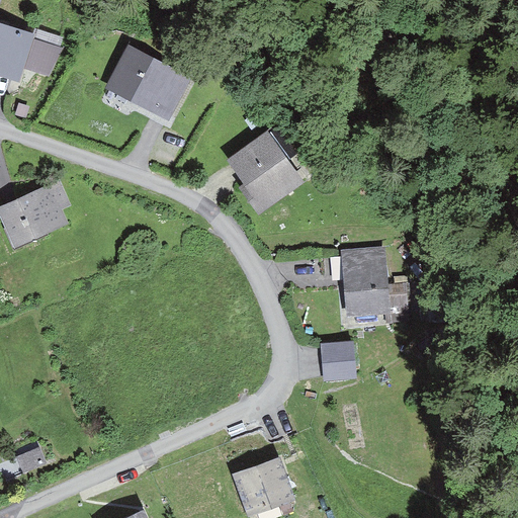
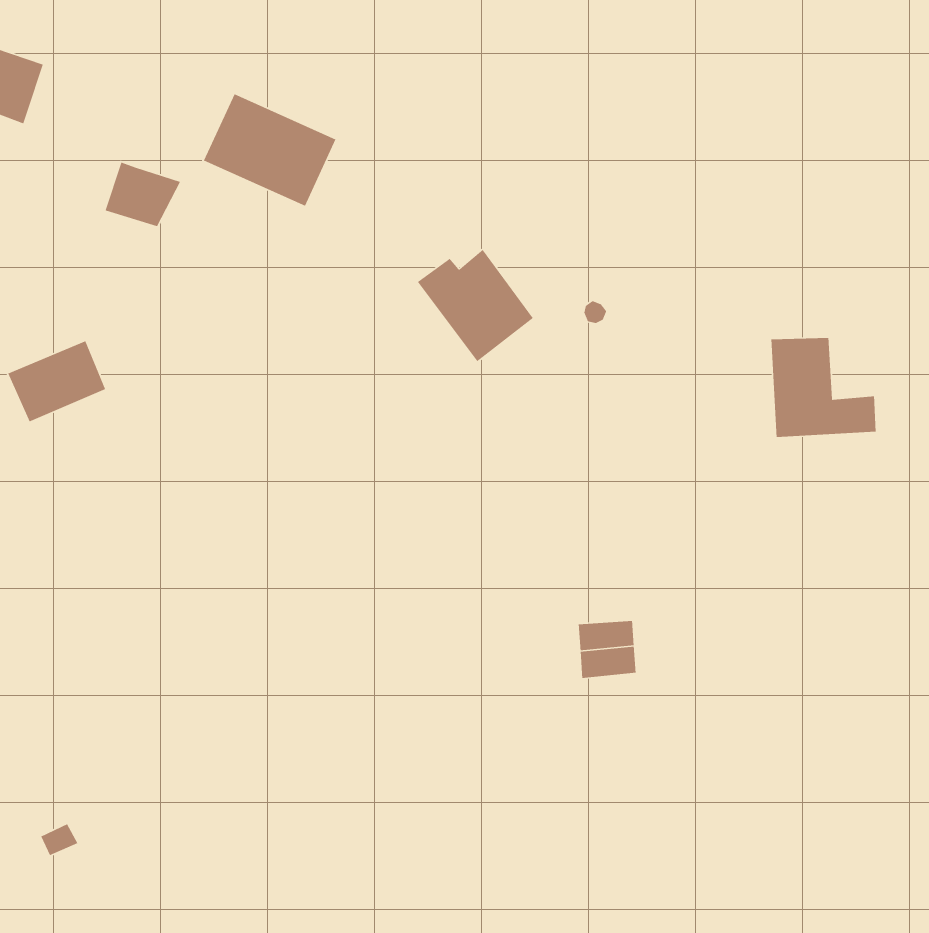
building: [15,35,58,72] -> [105,161,181,227]
building: [348,252,407,308] -> [770,337,877,438]
building: [240,464,285,509] -> none

